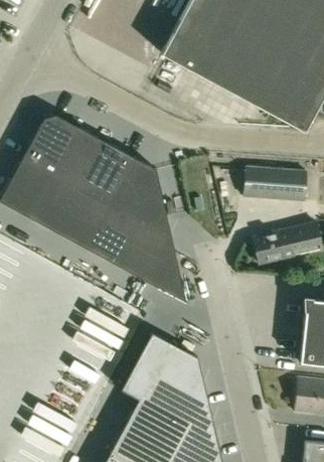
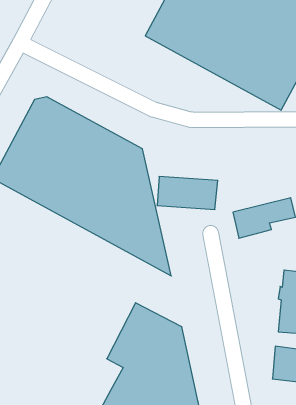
building: [244,166,307,200] -> [157,177,218,209]

